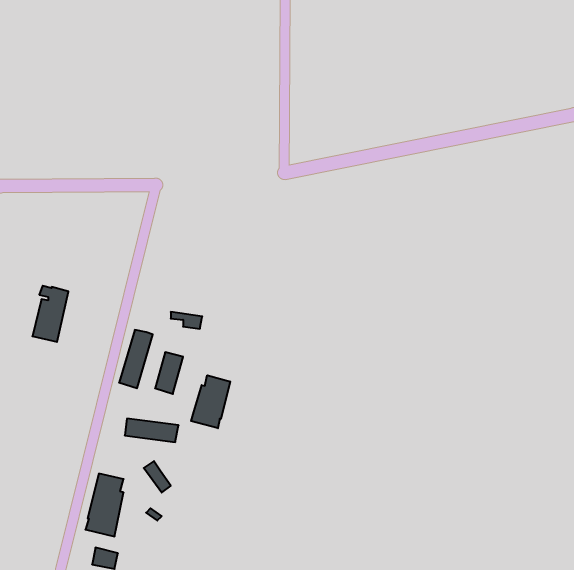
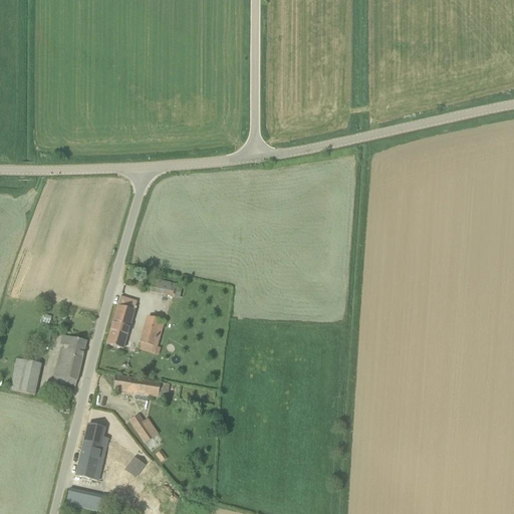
building: [32,286,68,342] -> [53,334,85,384]
building: [191,375,230,428] -> none
building: none -> [16,358,41,394]

